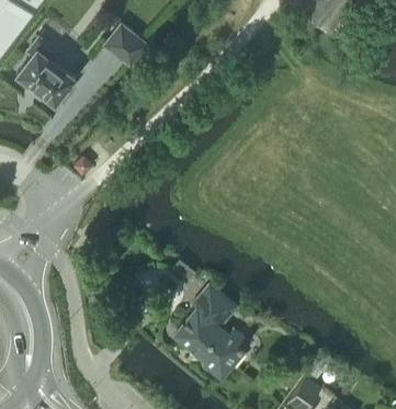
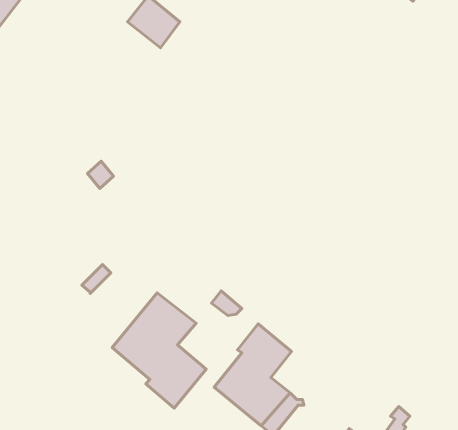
building: [16,39,75,106] -> none
building: none -> [112,293,206,408]

